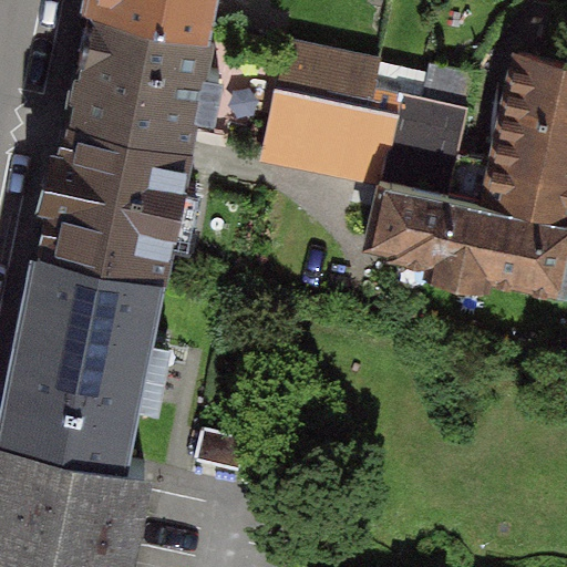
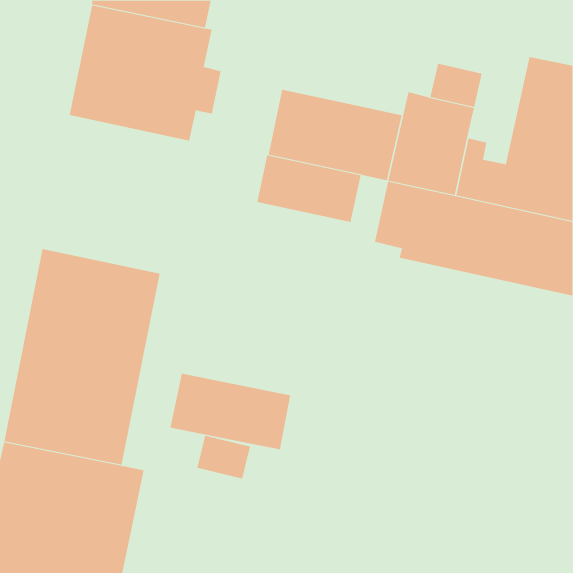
building: [276,45,379,112] -> [256,155,361,223]
building: [41,117,194,272] -> none
building: none -> [170,373,291,450]

